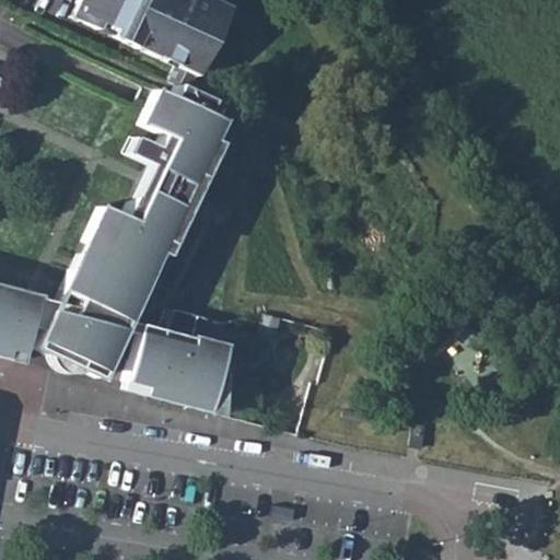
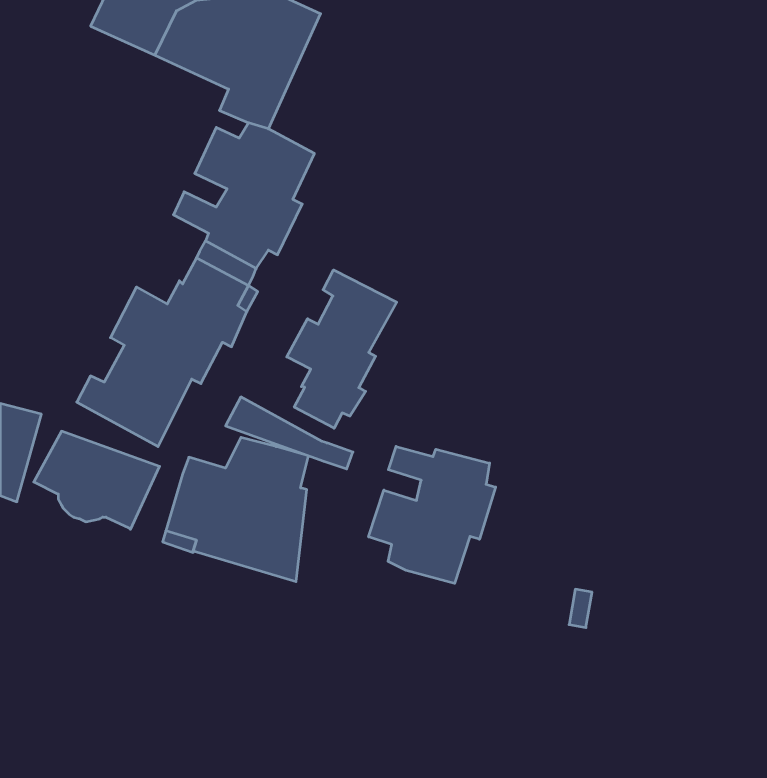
building: none -> [287,270,397,428]
building: [56,287,147,338] -> [226,397,353,469]
building: none -> [369,446,496,583]

